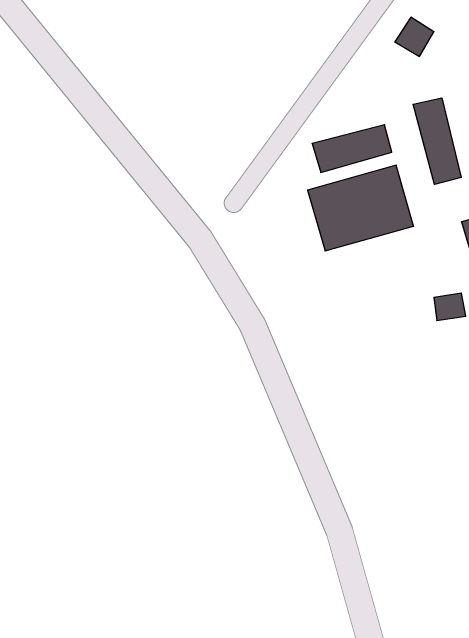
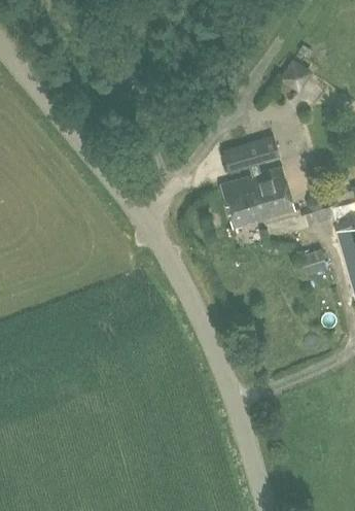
building: [413,98,461,184] -> none

